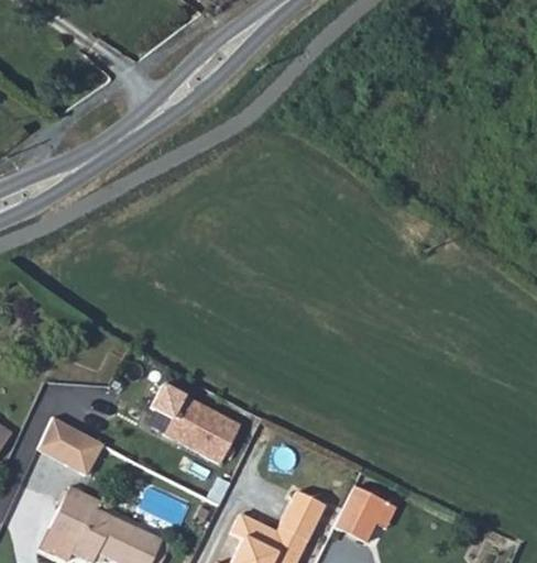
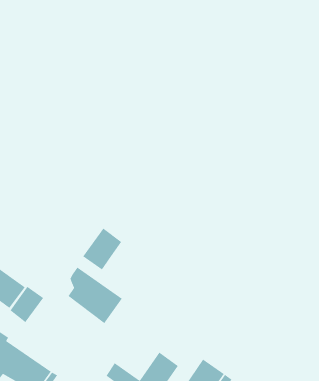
building: none -> [82,227,122,271]
building: none -> [9,286,44,323]

